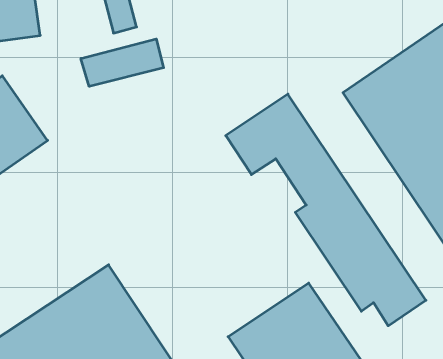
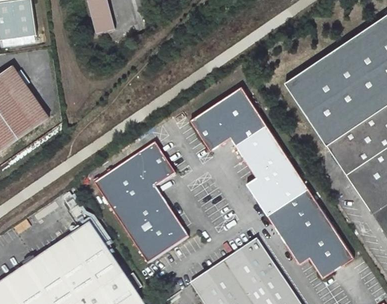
building: [81,39,164,86] -> none
building: none -> [94,140,188,262]

